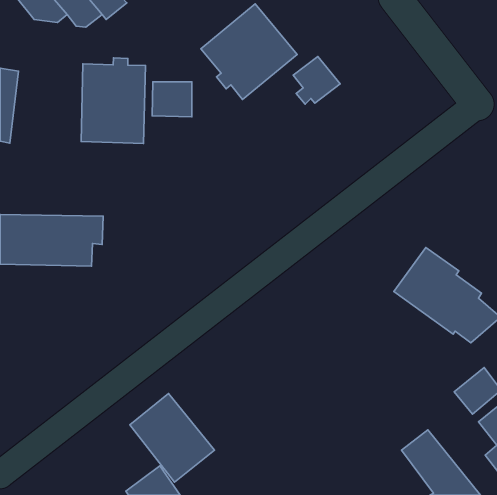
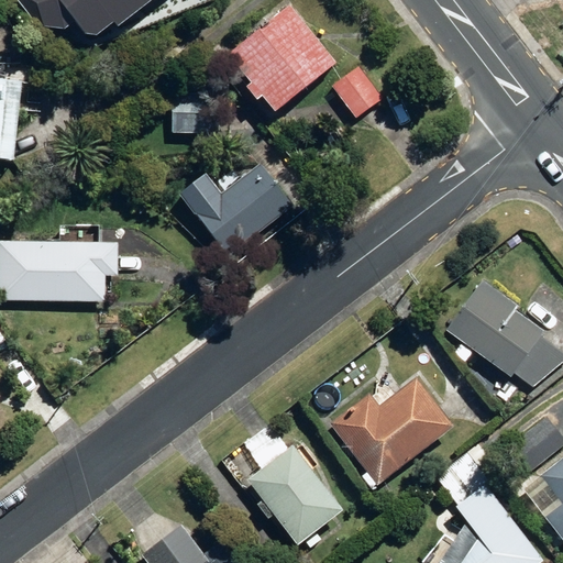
building: [81,58,146,143] -> none
building: none -> [178,163,292,255]
building: none -> [330,377,453,484]
building: [130,394,214,482] -> [247,446,343,547]

